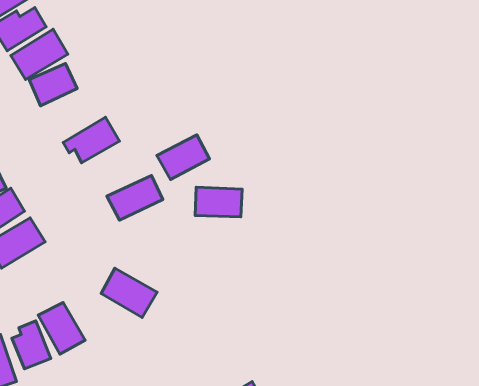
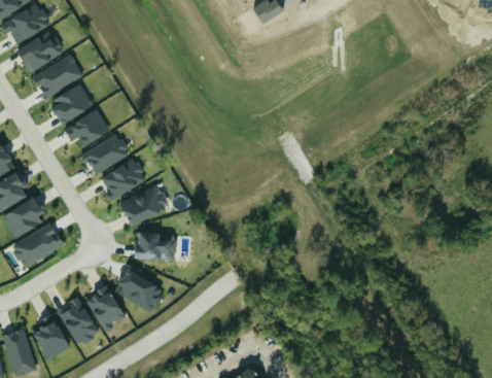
building: none -> [63,109,109,145]
building: [157,135,209,179] -> [99,159,146,199]
building: [195,187,242,217] -> [134,233,176,260]
building: none -> [85,284,125,332]

